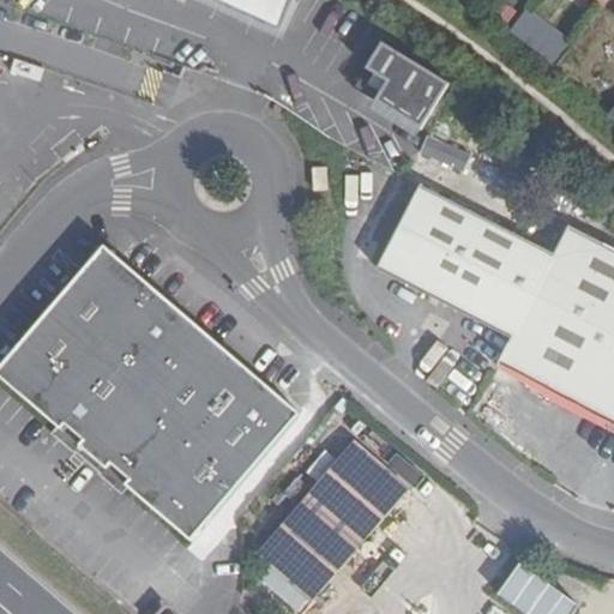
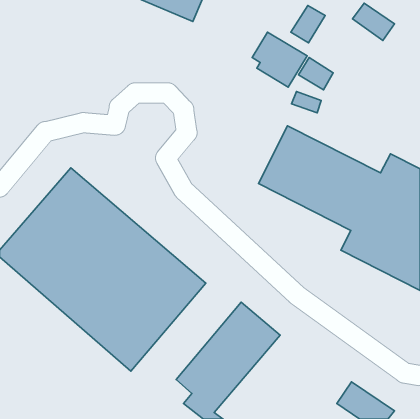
building: none -> [291,5,325,43]
building: none -> [299,57,333,90]

